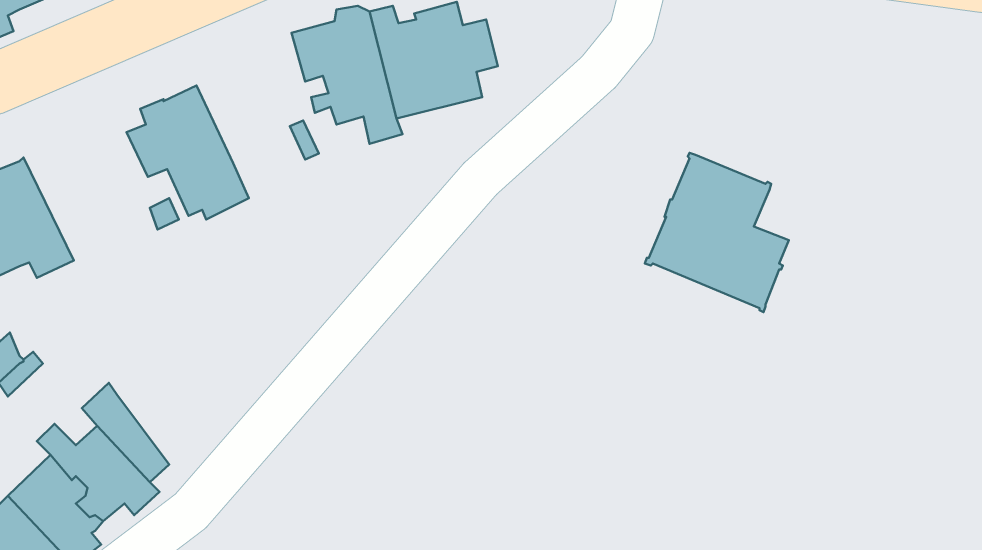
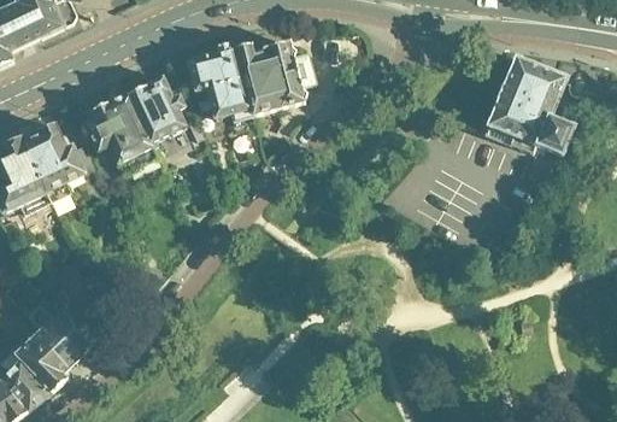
building: none -> [125,76,183,142]
building: none -> [18,125,95,203]
building: [645,153,789,312] -> [484,57,574,156]

